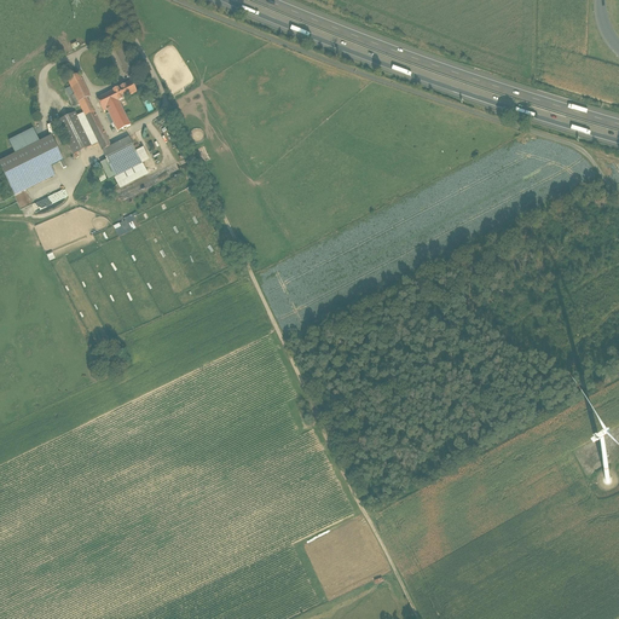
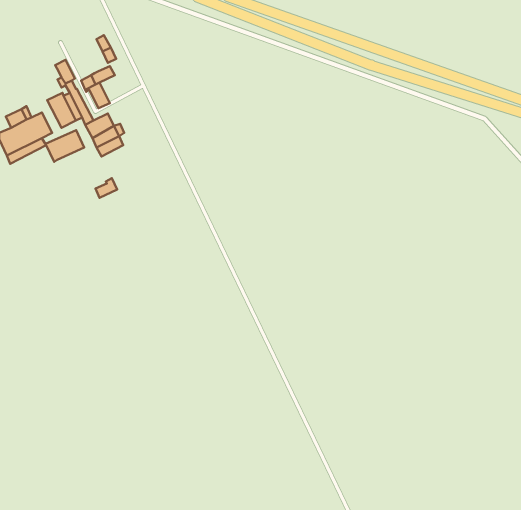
building: none -> [45,130,84,162]

